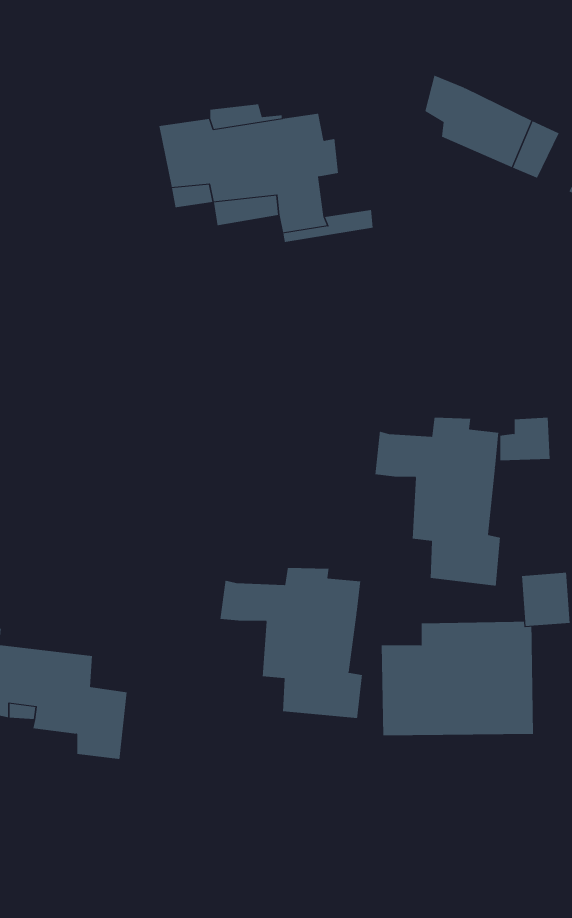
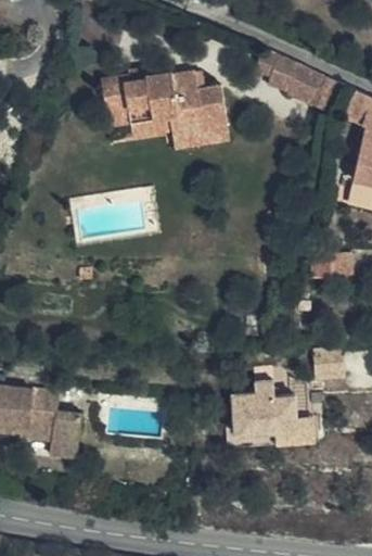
building: none -> [195,85,227,134]
building: [375,417,500,587] -> none
building: [220,567,362,719] -> none

